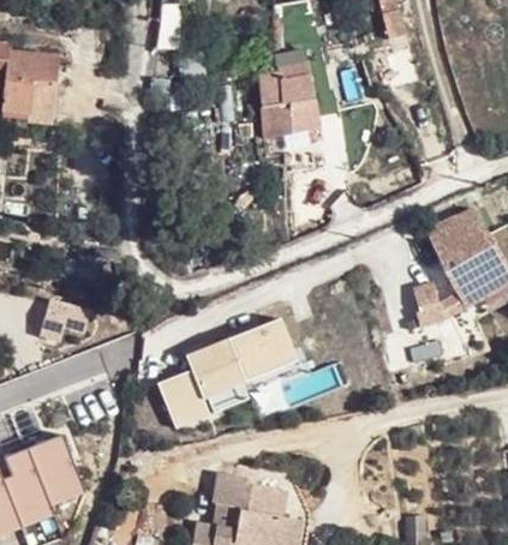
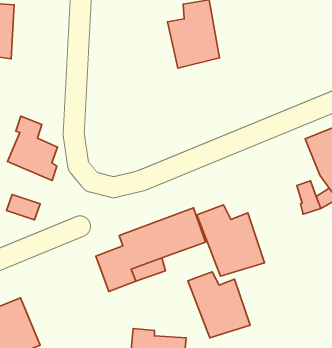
building: none -> [7,116,57,181]
building: none -> [197,205,265,276]
building: none -> [188,272,250,338]

